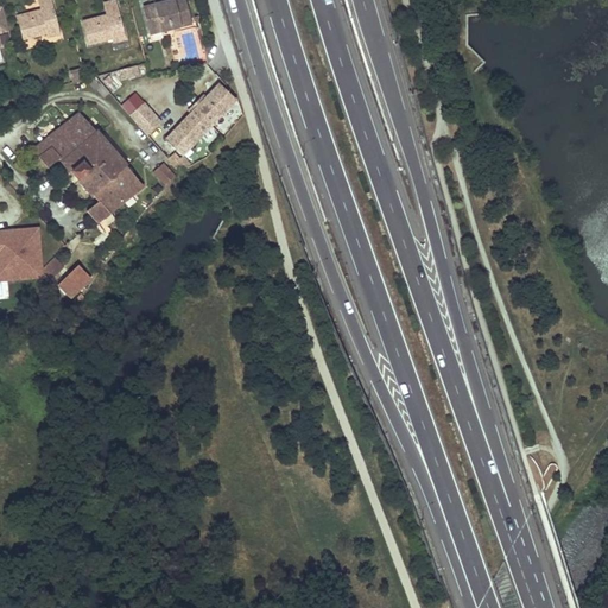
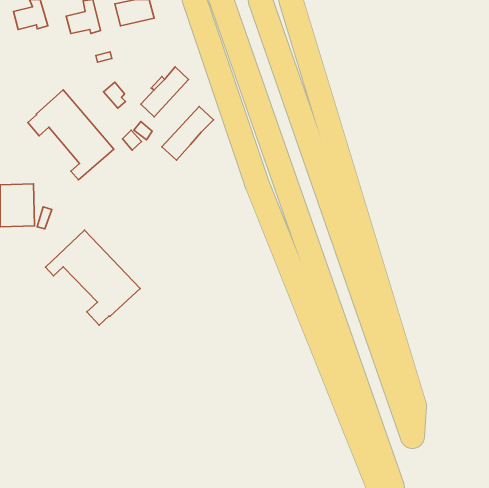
building: none -> [162,107,214,160]
building: [56,266,93,302] -> none
building: none -> [46,230,140,325]

